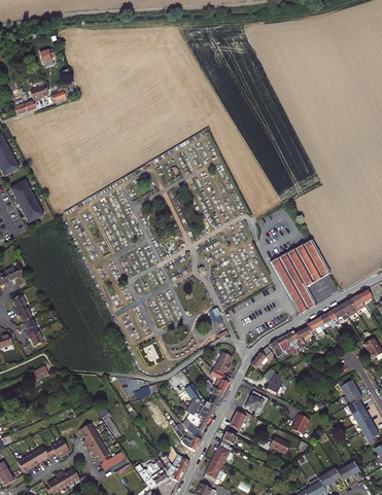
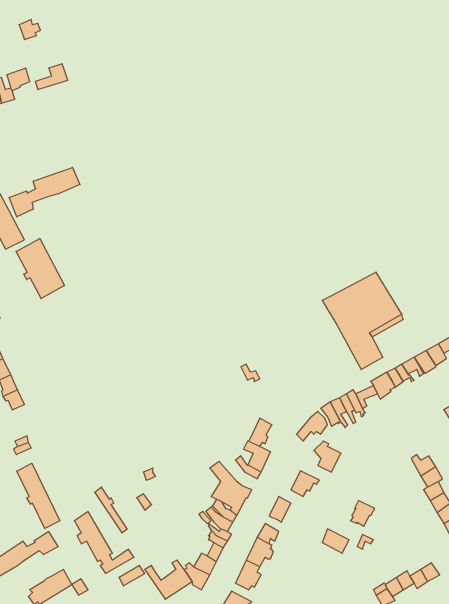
building: none -> [9,167,80,217]
building: none -> [16,238,65,299]
building: none -> [17,463,60,529]

